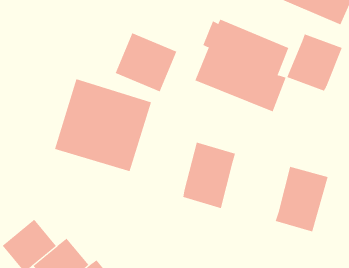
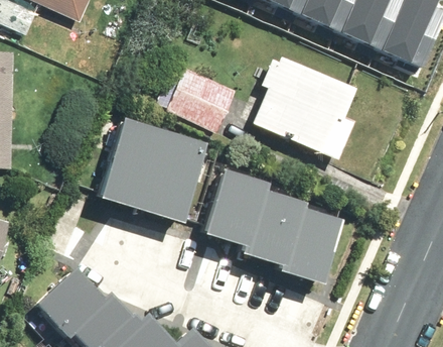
building: [287,33,343,91] -> none
building: none -> [198,171,258,245]
building: [275,166,328,232] -> [281,214,340,287]

